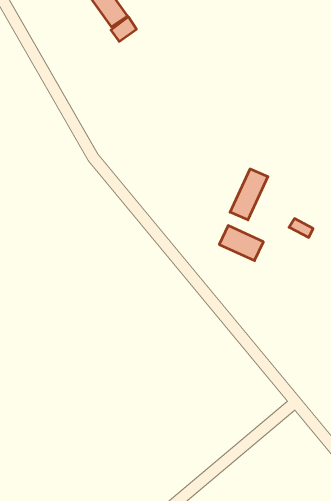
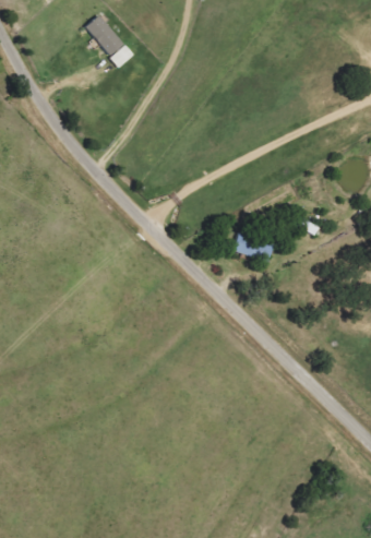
building: [230,169,268,220] -> none

